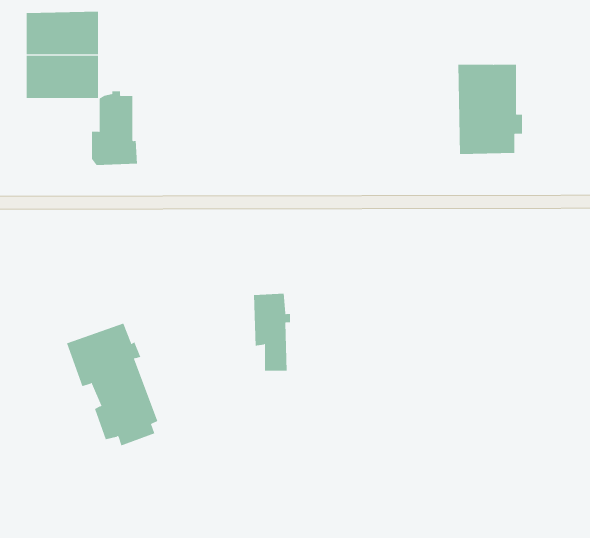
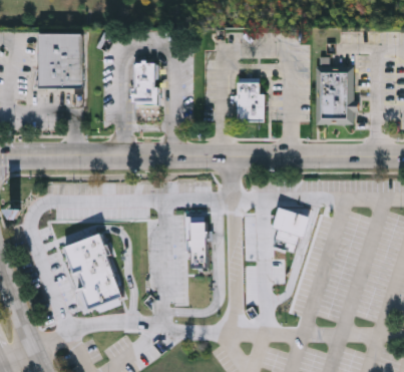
building: none -> [239,81,267,124]
building: [91,91,138,165] -> [129,59,159,107]
building: none -> [269,202,310,248]

